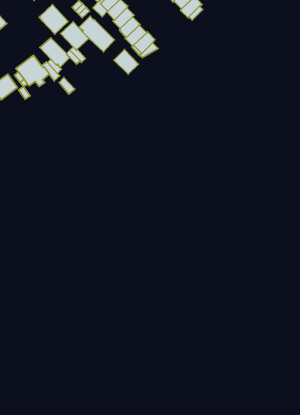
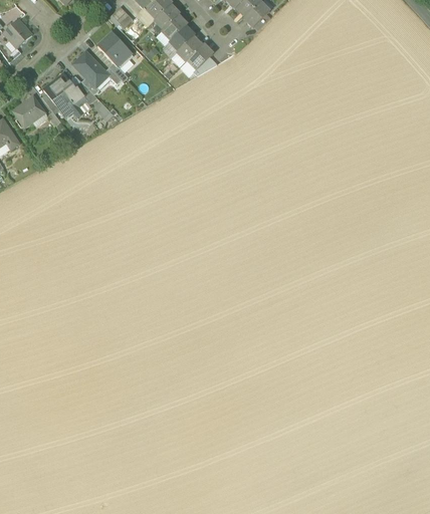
building: [39,5,68,34] -> none
building: [79,16,115,52] -> none
building: [114,49,139,74] -> none

